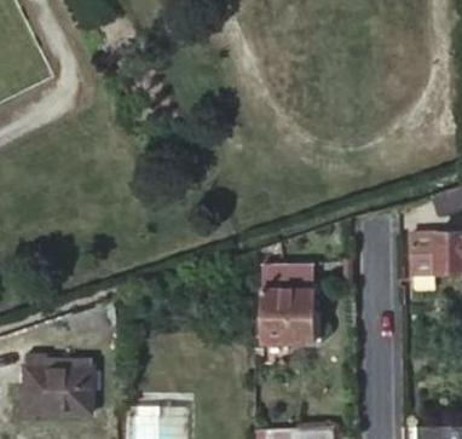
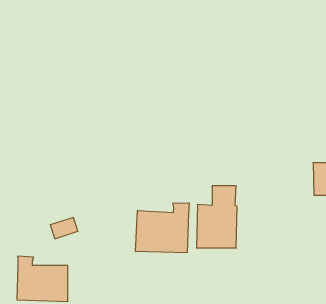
building: none -> [135,203,189,253]

